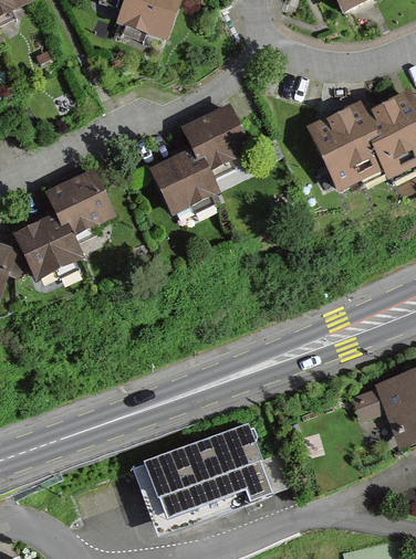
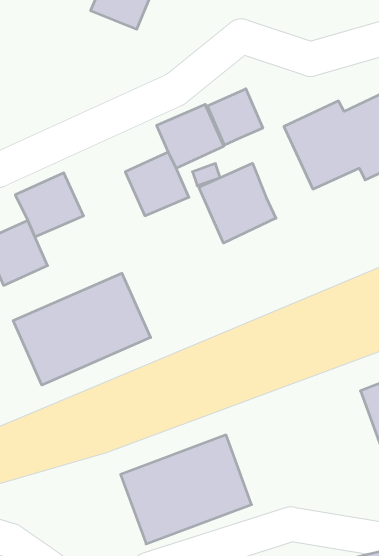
building: none -> [207,89,263,145]
building: none -> [199,163,276,243]
building: none -> [13,273,151,385]

